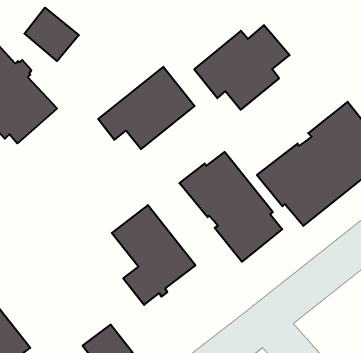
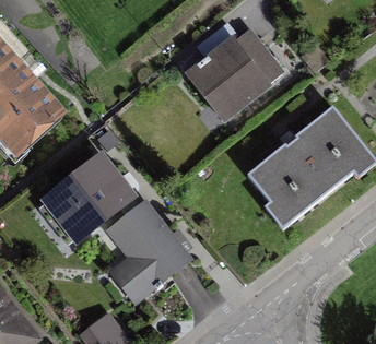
building: [24,8,79,61] -> none
building: [98,67,195,149] -> [38,159,129,237]
building: [179,152,282,262] -> none

